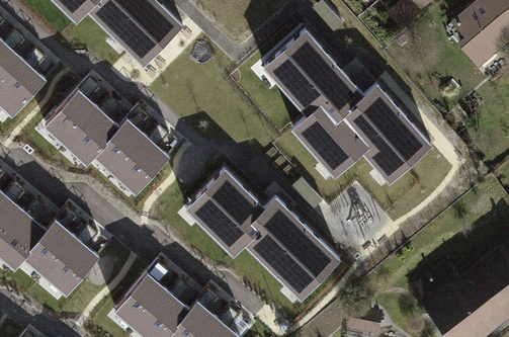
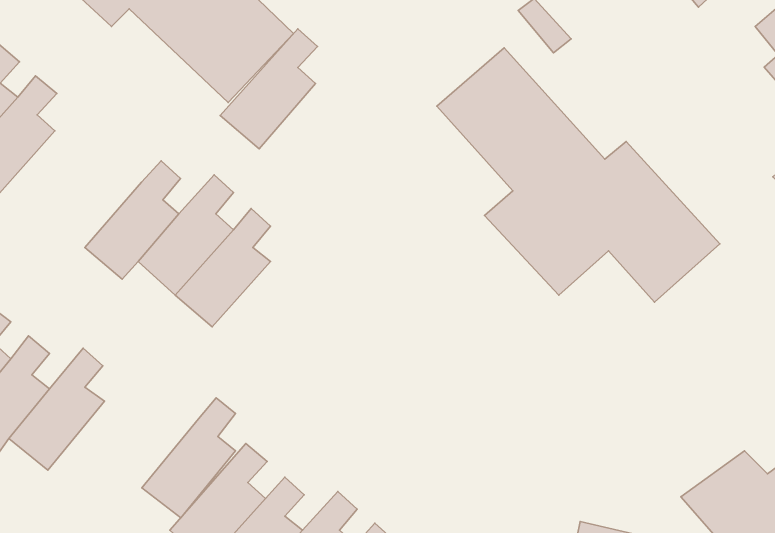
building: [43,80,98,149] -> [220,29,317,149]
building: [187,173,339,299] -> none
building: [44,225,97,293] -> [142,398,236,518]

